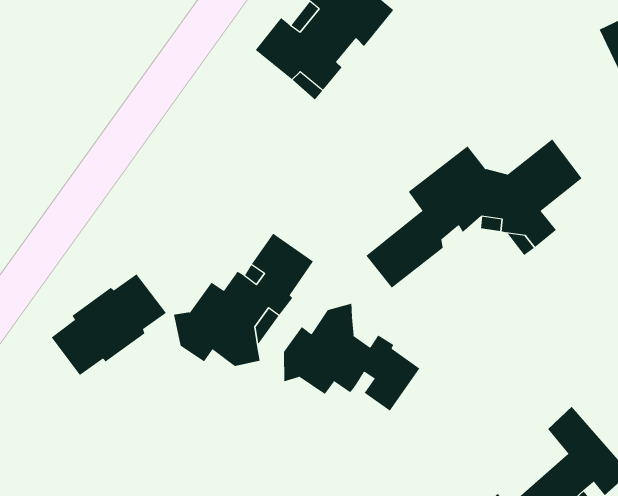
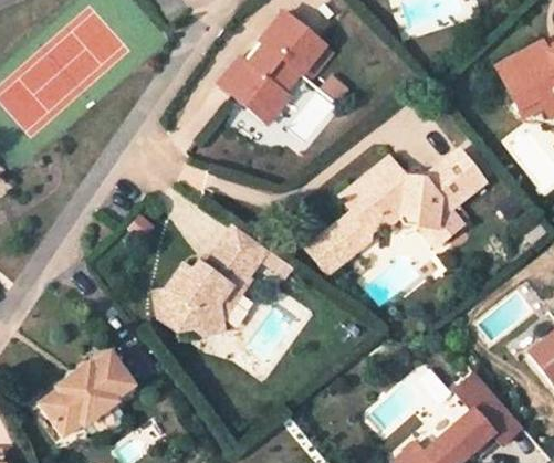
building: [51,273,167,376] -> [36,355,130,438]
building: [283,303,420,412] -> none

